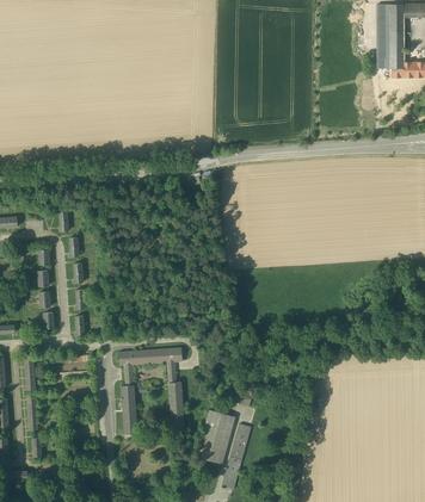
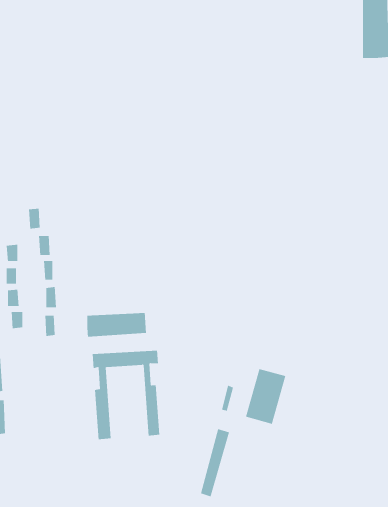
building: none -> [87,312,147,338]
building: [197,409,236,463] -> [245,368,286,424]

